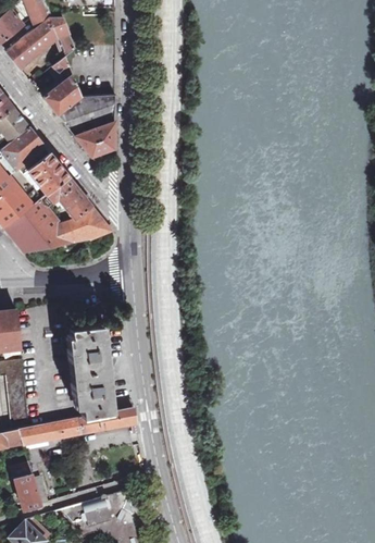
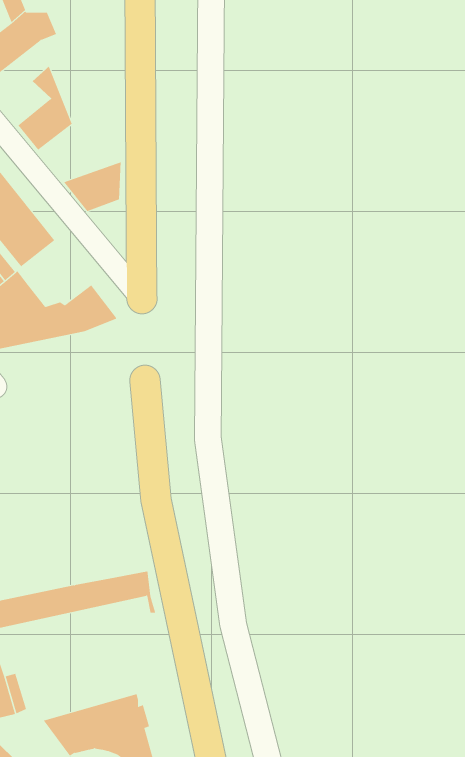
building: [57,94,115,136] -> none
building: [42,176,93,221] -> none
building: [67,324,110,415] -> none

